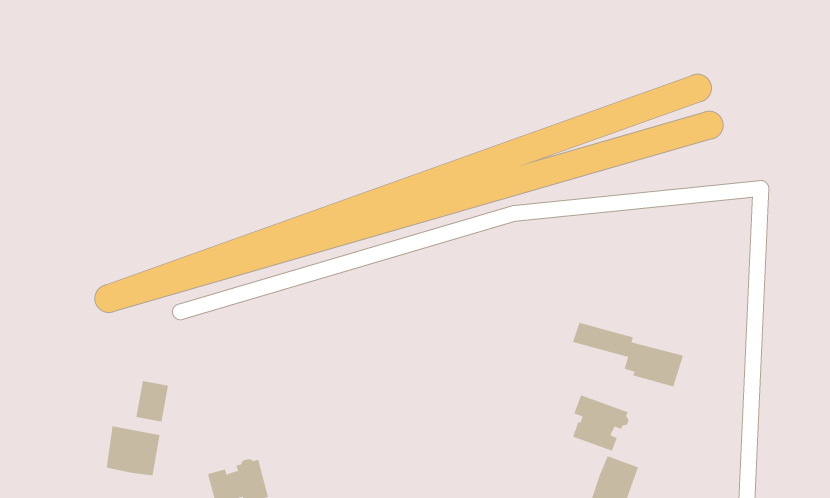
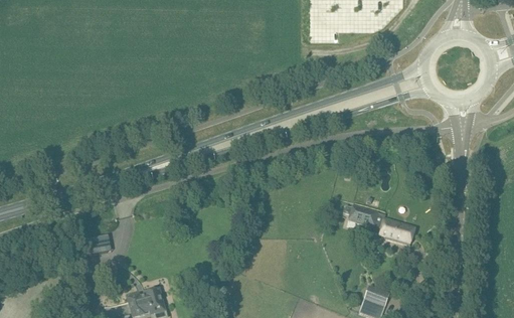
building: [573,395,629,452] -> none
building: [106,426,160,476] -> none

